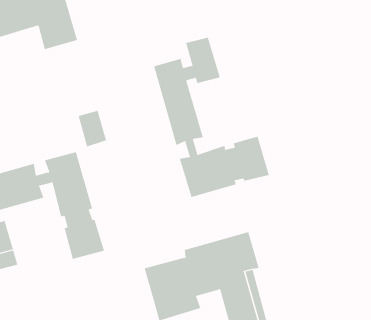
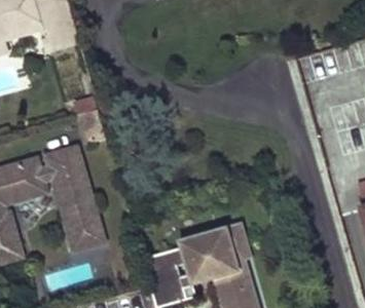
building: [153,37,270,198] -> none

